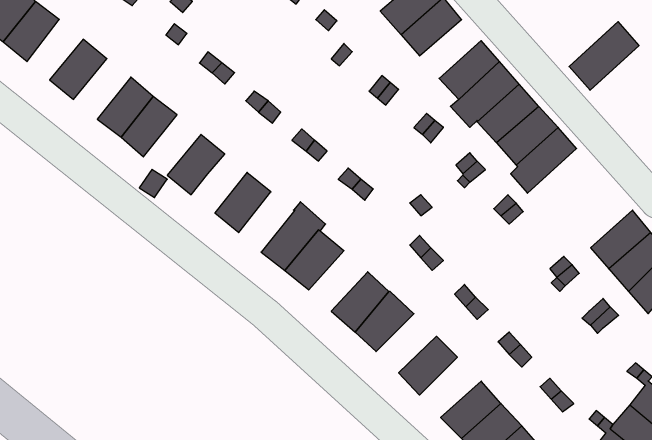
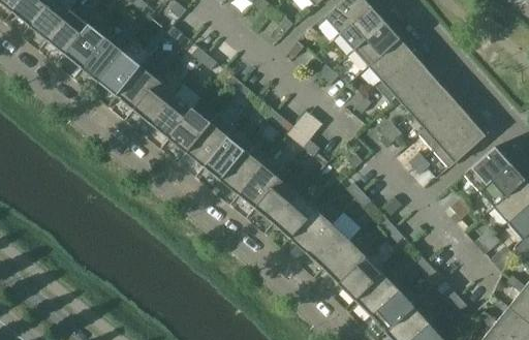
building: none -> [64,22,105,66]
building: none -> [353,22,399,65]
building: [569,22,639,90] -> [433,117,485,167]
building: none -> [98,51,141,95]
building: none -> [150,92,192,136]
building: none -> [185,121,226,164]
building: none -> [464,146,510,190]
building: none -> [220,149,261,193]
building: none -> [272,192,315,237]
building: none -> [321,239,366,282]
building: none -> [353,271,399,315]

